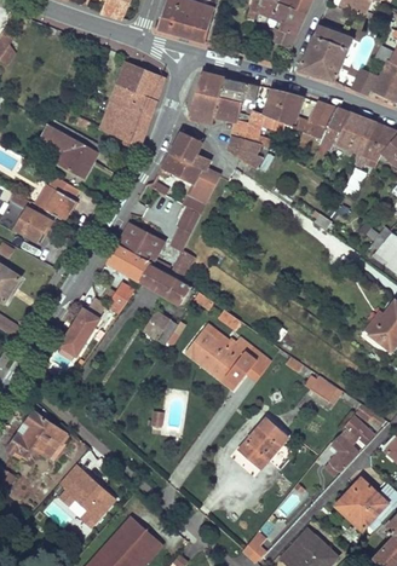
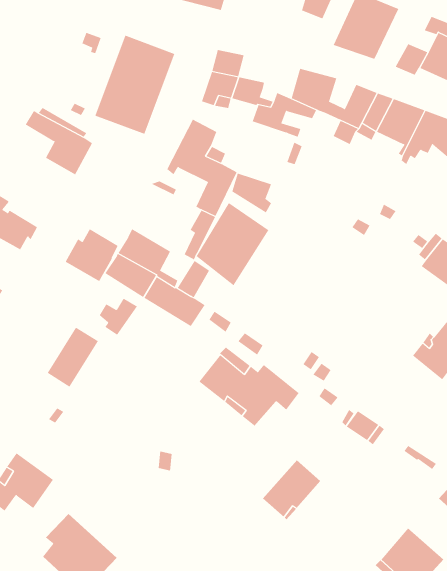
building: [219,79,257,110] -> none
building: [225,134,259,168] -> [231,173,272,213]
building: [34,177,79,221] -> [65,228,118,282]
building: none -> [196,202,269,286]
building: [144,312,177,343] -> none
building: [323,426,372,475] -> none

